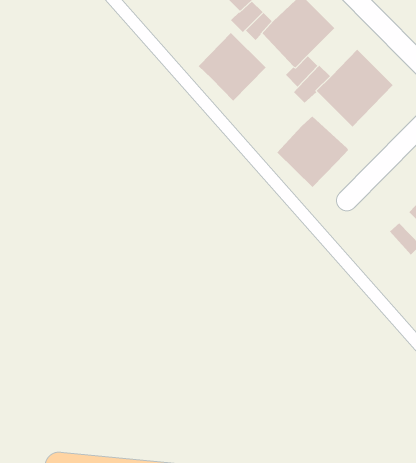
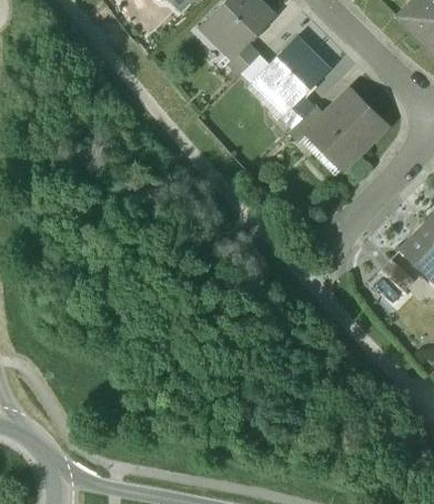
building: [198,32,266,102] -> none
building: [276,115,349,188] -> none

